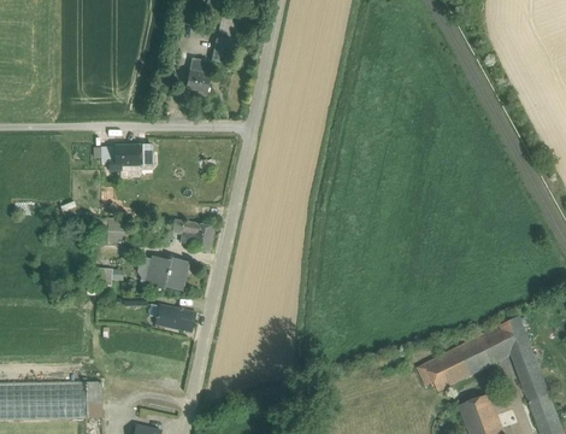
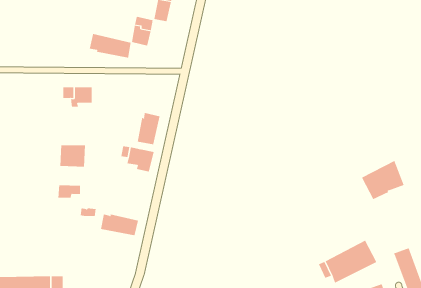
building: none -> [89,33,131,59]
building: none -> [137,112,160,145]
building: [147,257,185,291] -> none
building: [476,315,530,364] -> [361,160,405,200]

